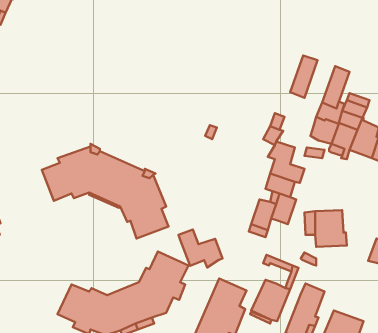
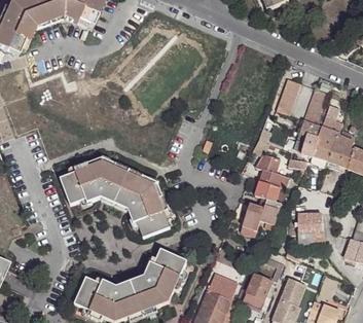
building: [179,229,222,268] -> none

